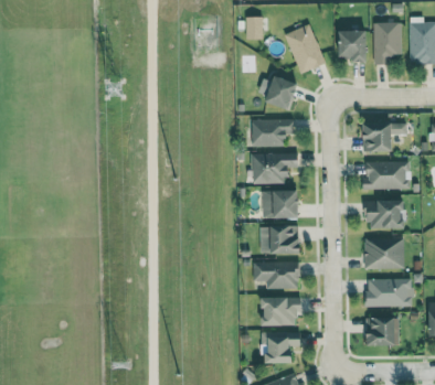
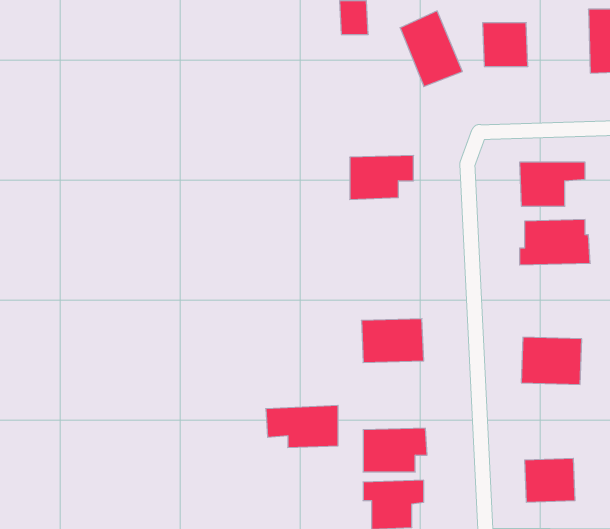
building: [373,23,401,66] -> none
building: [266,76,299,110] -> none
building: [252,153,299,185] -> none
building: [262,191,300,220] -> none
building: [367,201,406,229] -> none
building: [252,261,299,289] -> [266,405,338,447]
building: [367,279,412,308] -> none

